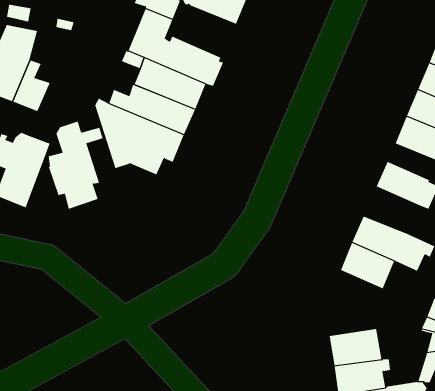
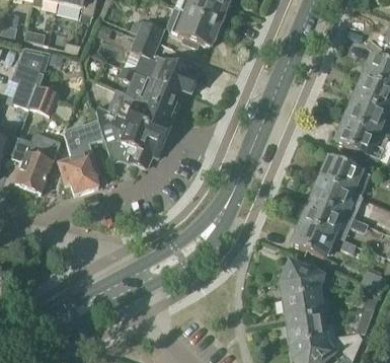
building: none -> [310,175,355,213]
building: none -> [281,261,325,295]

